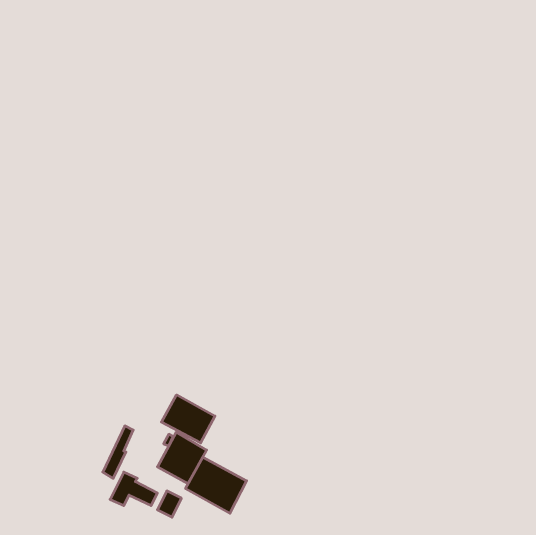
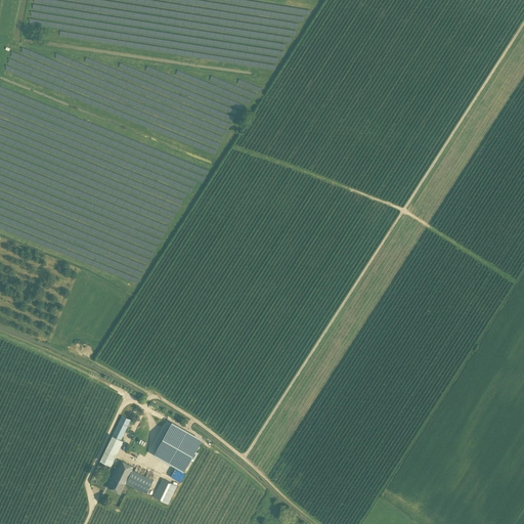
building: [161,395,215,443] -> none
building: [186,457,247,513] -> none

